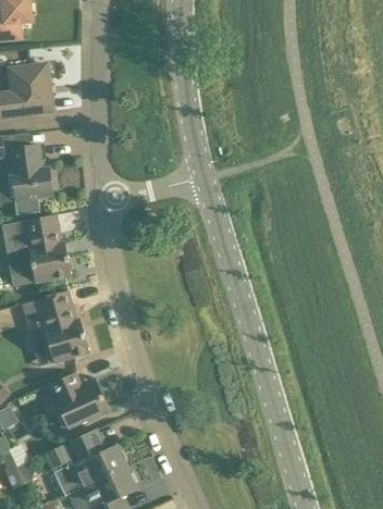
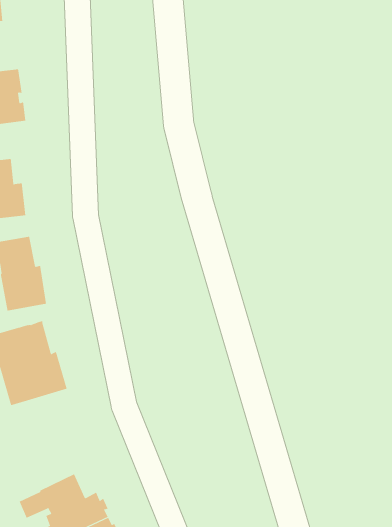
building: [41,372,108,429] -> none

